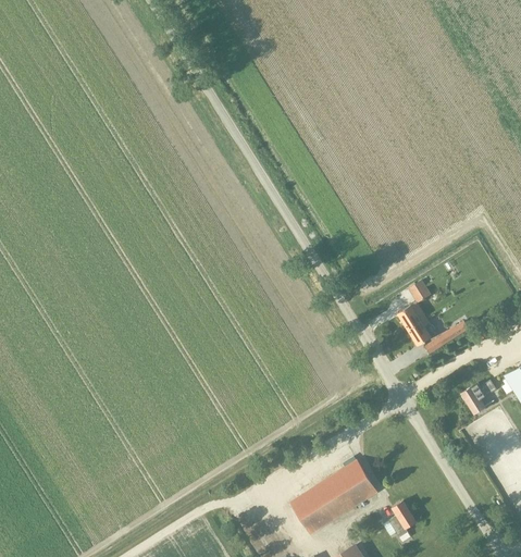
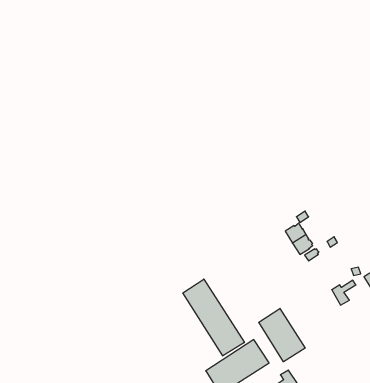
building: none -> [183,279,244,356]
building: none -> [259,308,305,362]

